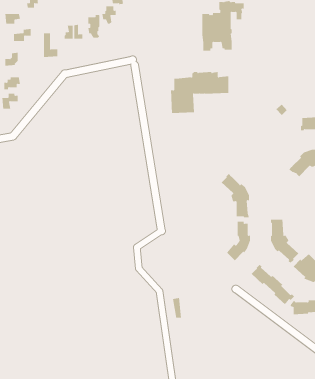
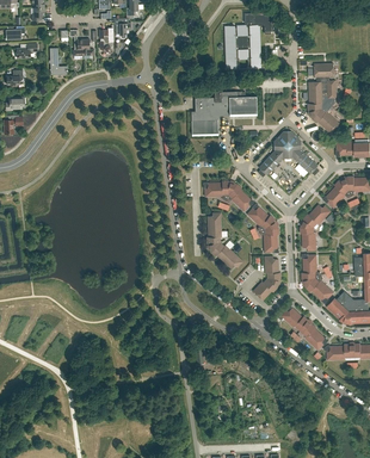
building: none -> [307,63,339,134]
building: none -> [259,131,317,174]
building: none -> [203,180,254,211]
building: none -> [301,204,331,250]
building: none -> [206,212,243,268]

